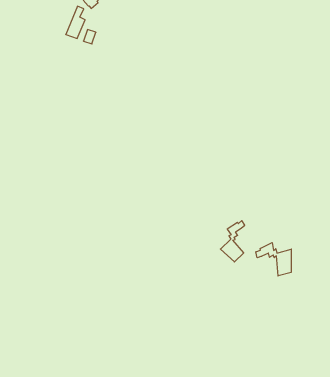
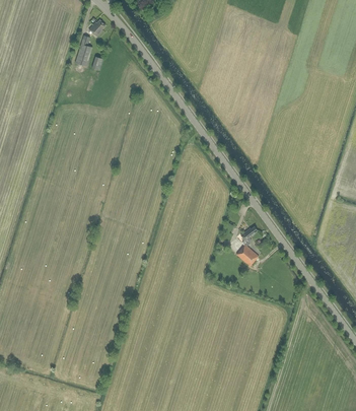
building: [256,243,291,276] -> none

